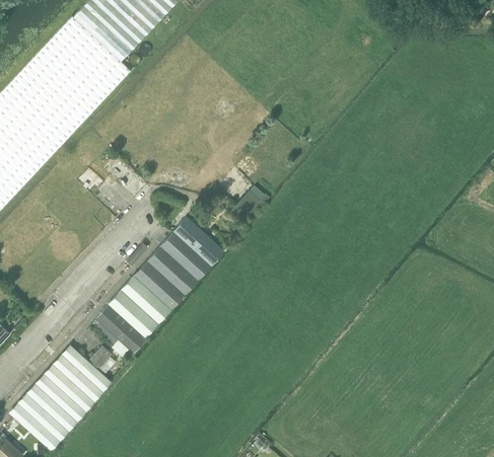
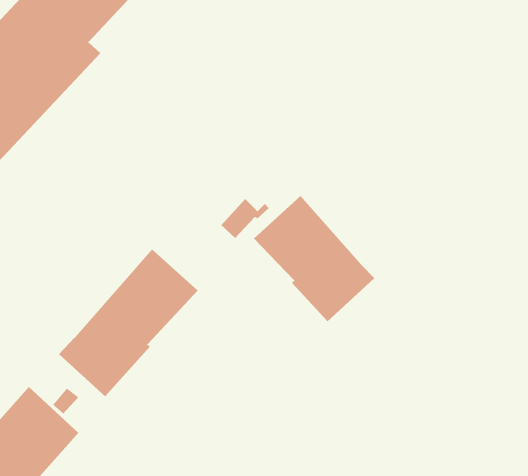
building: none -> [253,195,375,322]
building: [171,217,224,266] -> none

